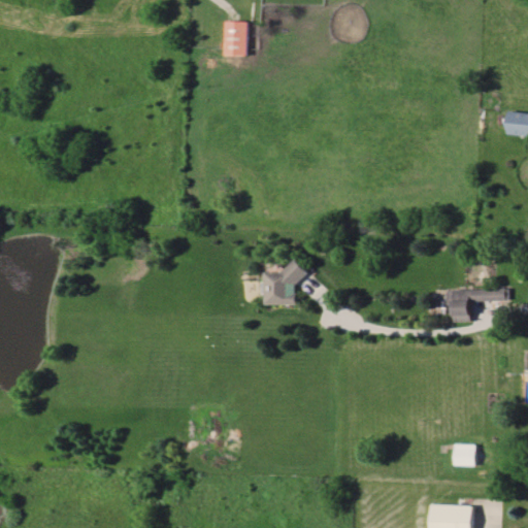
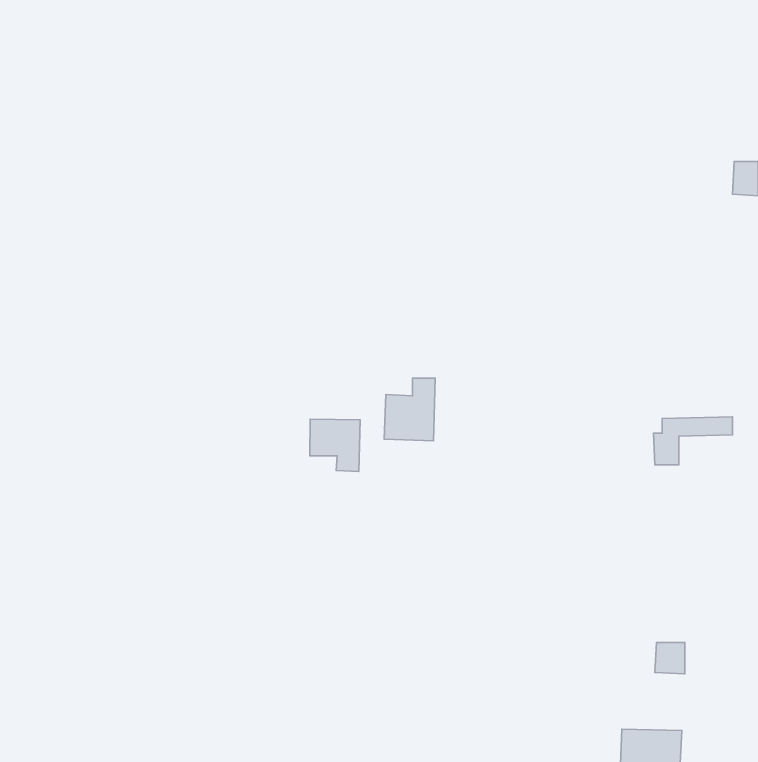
building: [224,22,245,56] -> none
building: none -> [310,419,360,471]

